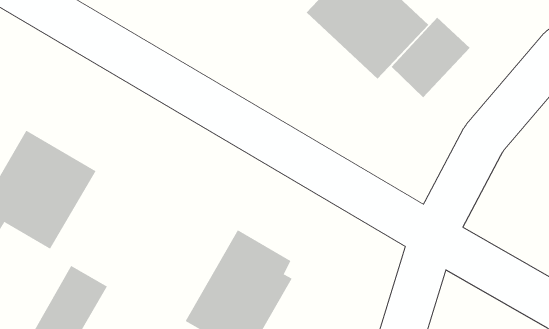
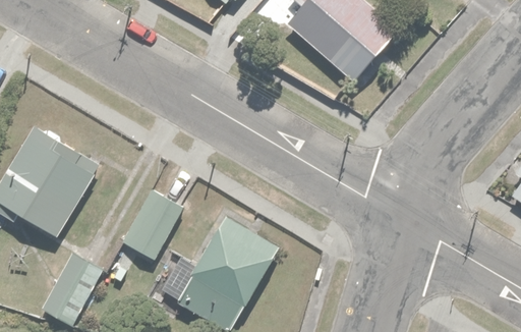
building: [391,17,471,98] -> none
building: none -> [121,190,185,262]

